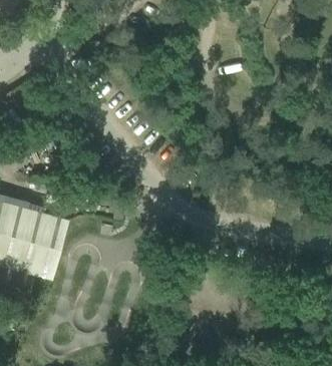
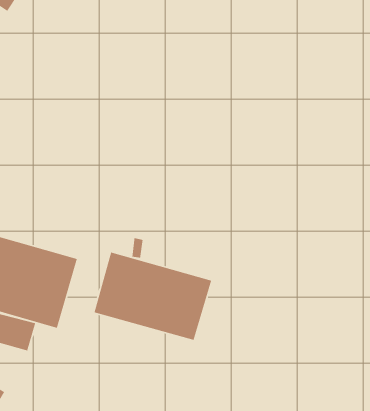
building: none -> [94,251,212,341]

